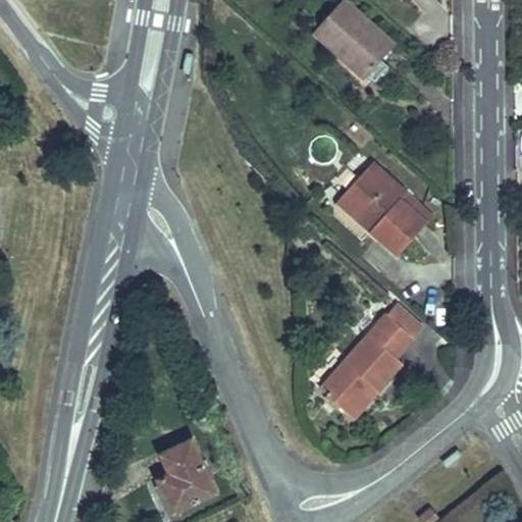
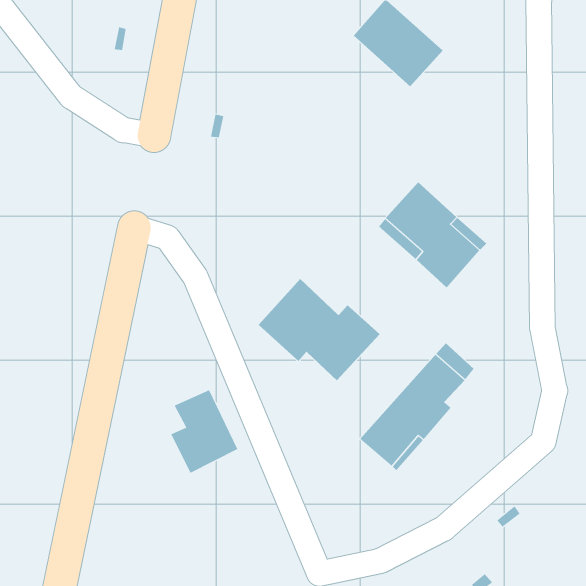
building: none -> [258,278,381,381]
building: [156,440,216,515] -> [171,390,238,473]

